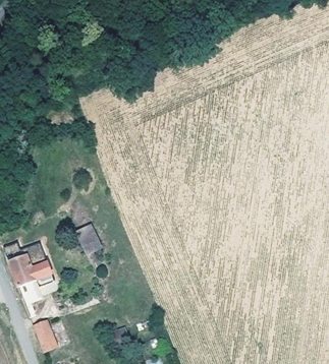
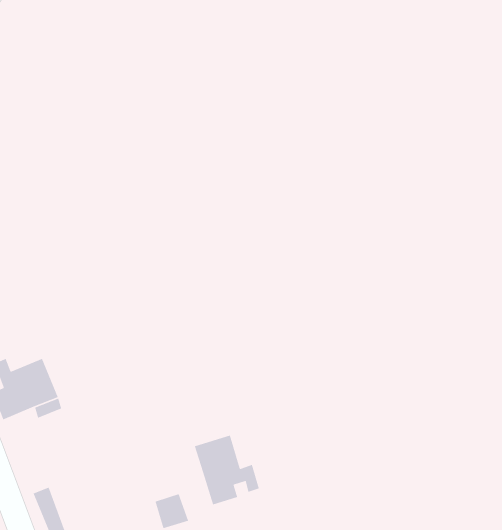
building: [74,222,101,253] -> none
building: none -> [194,435,260,506]

